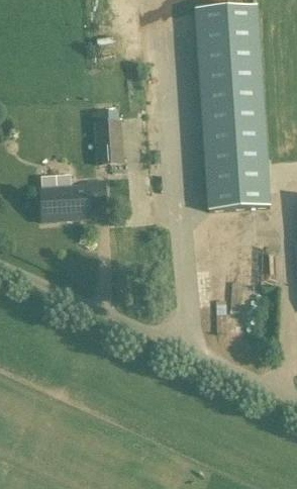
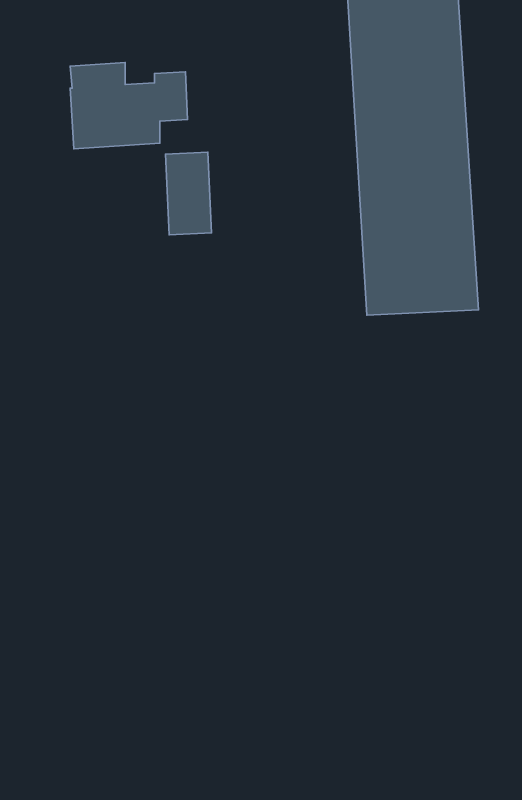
building: [40,172,105,219] -> [70,63,187,149]

